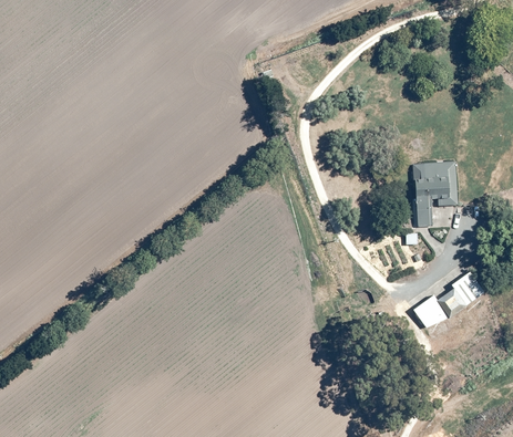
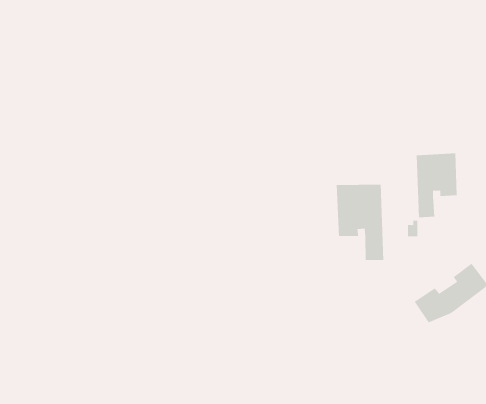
building: none -> [336,184,384,261]

